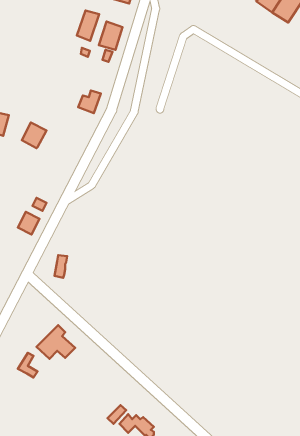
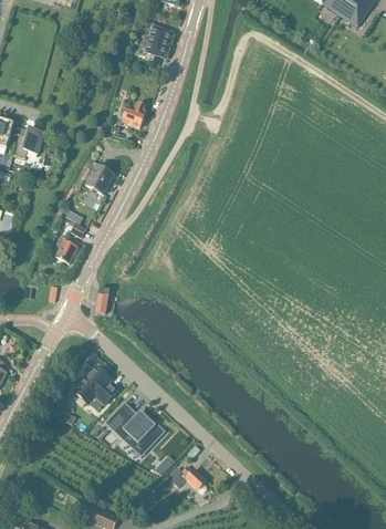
building: [77,10,99,41] -> none
building: [22,122,46,148] -> [86,166,114,195]
building: none -> [105,402,165,452]

